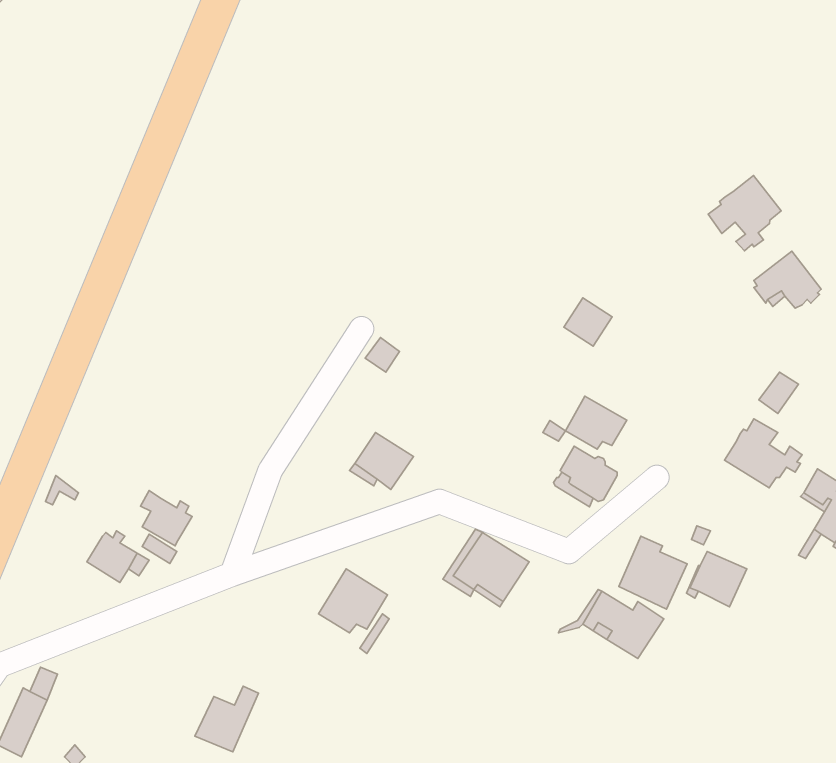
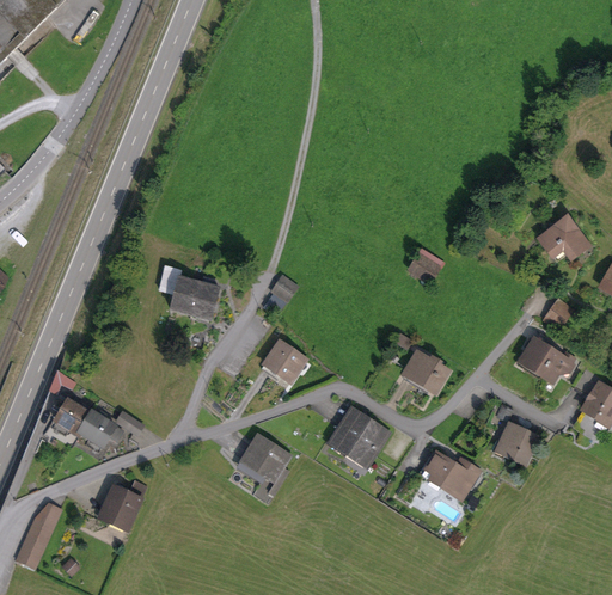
building: [708,175,781,251] -> none
building: none -> [160,266,220,319]
building: [565,396,627,449] -> none
building: [140,491,192,546] -> [55,395,91,434]
building: [619,536,687,609] -> none
building: [195,686,259,752] -> [102,480,146,526]

